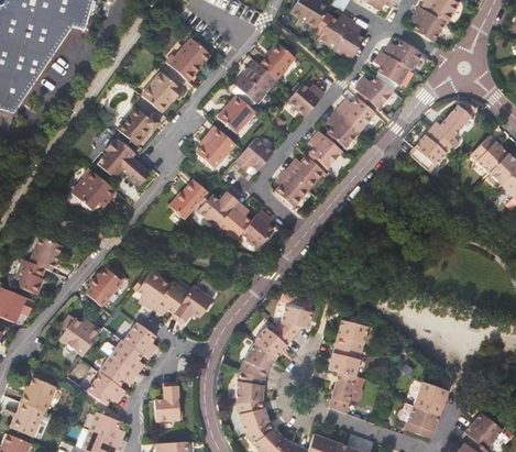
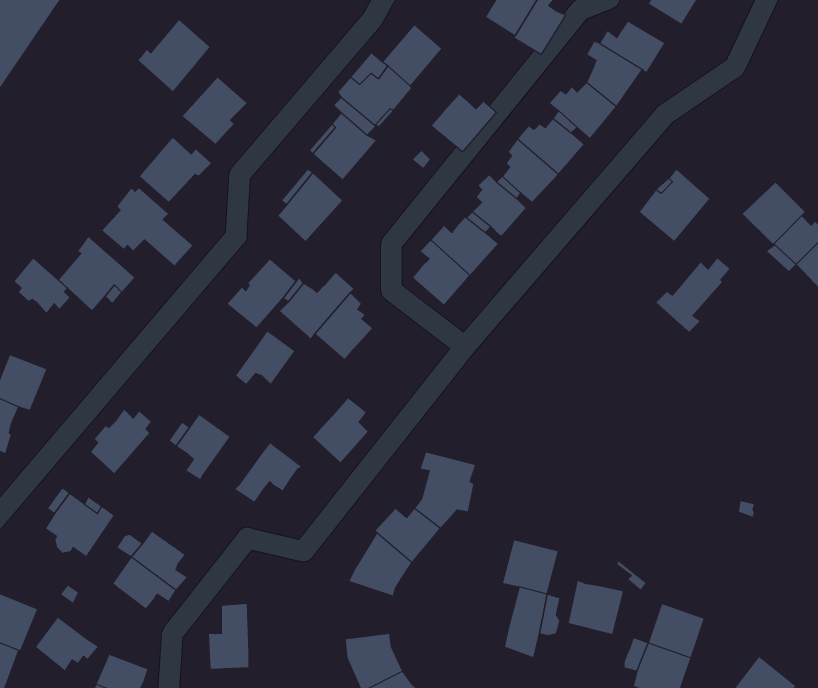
building: [165,37,208,80] -> [138,19,211,92]
building: [432,102,476,146] -> [655,258,730,333]
building: [238,137,275,170] -> none
building: none -> [14,258,70,313]
building: [242,210,275,249] -> [312,398,369,463]
building: [153,282,188,313] -> [235,330,295,385]
building: [336,320,369,352] -> [568,580,624,634]
building: [124,322,156,359] -> none
building: [237,370,265,404] -> none
building: [89,373,127,405] -> [35,617,99,671]

